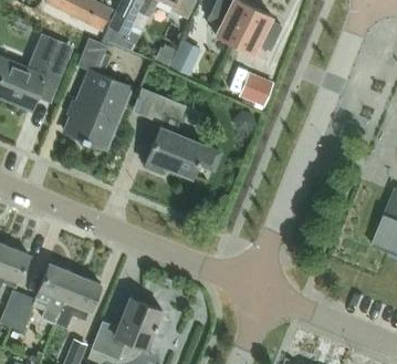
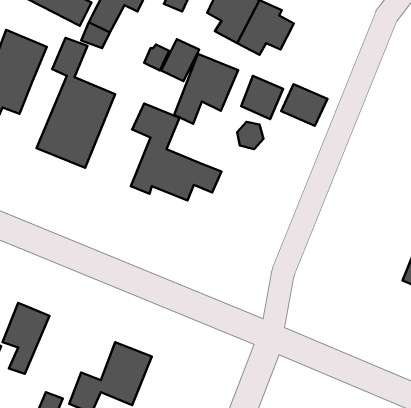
building: none -> [174,54,238,124]
building: none -> [281,84,327,126]
building: [54,274,101,329] -> none

